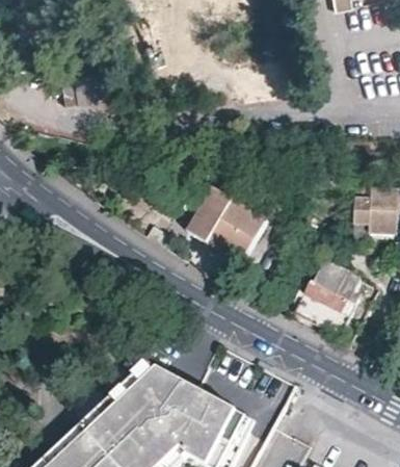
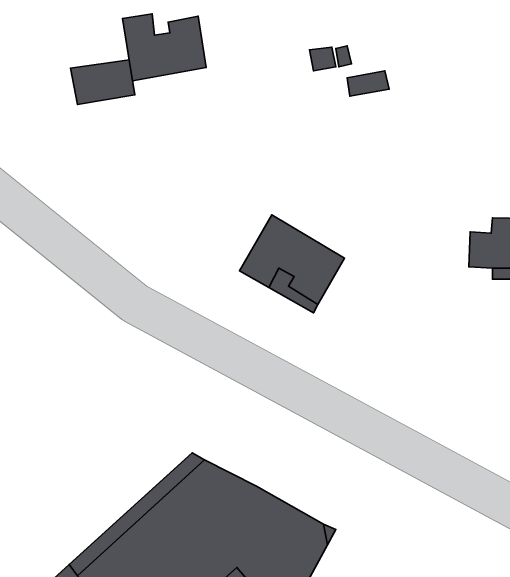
building: none -> [123,14,206,81]
building: [294,262,357,334] -> none

